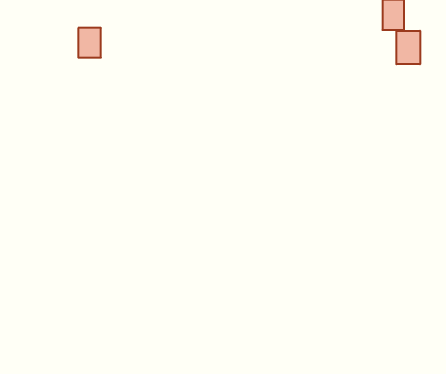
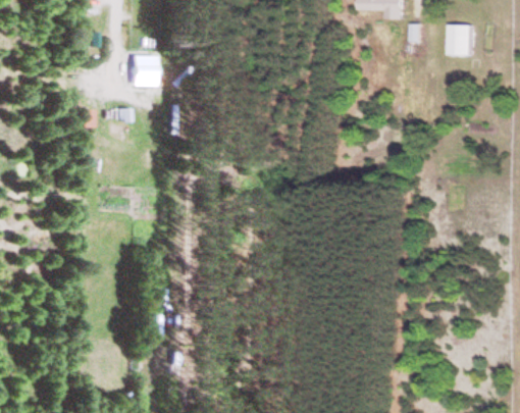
building: [396,31,420,64] -> none

